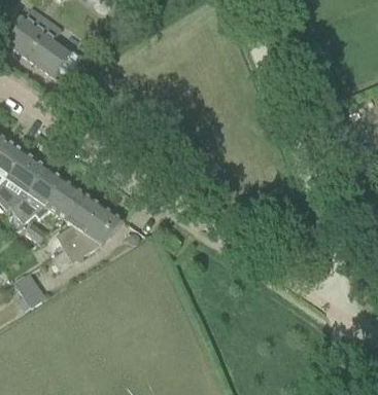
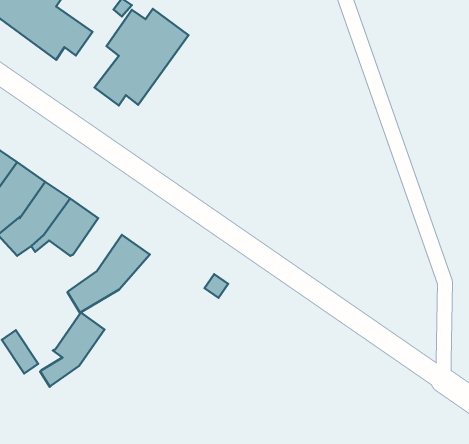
building: none -> [95,9,189,105]
building: [56,193,103,248] -> [40,313,104,387]

